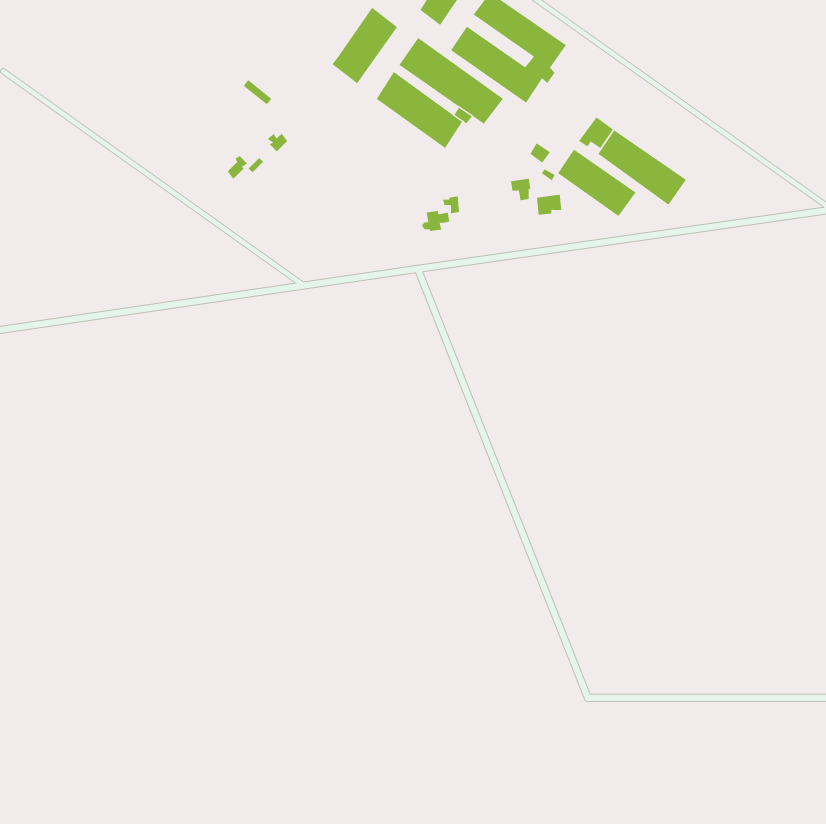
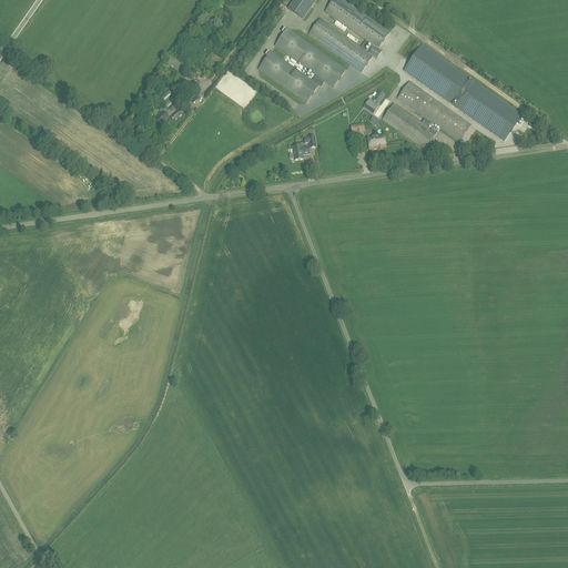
building: [332,7,398,84] -> none
building: none -> [403,44,520,140]

